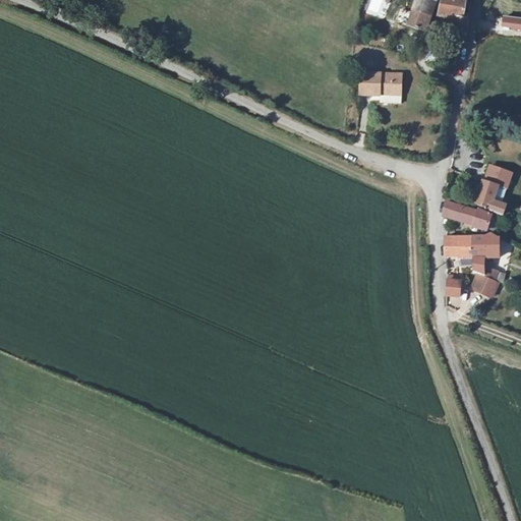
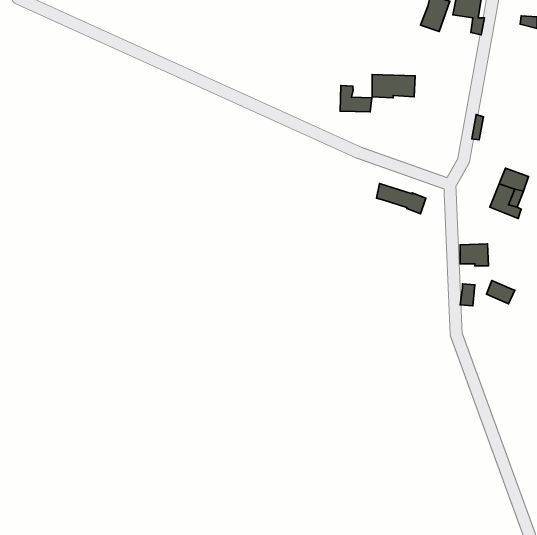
building: none -> [340,85,372,112]
building: [444,200,491,230] -> [376,183,426,214]
building: [472,236,499,280] -> none

